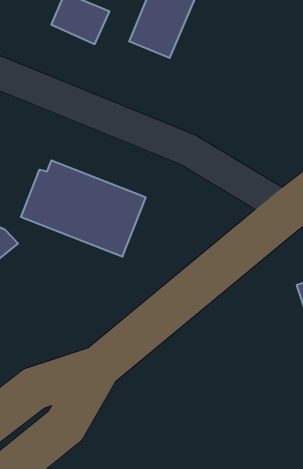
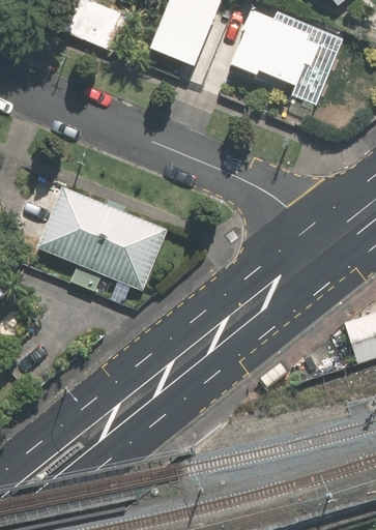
building: none -> [228,12,317,88]

